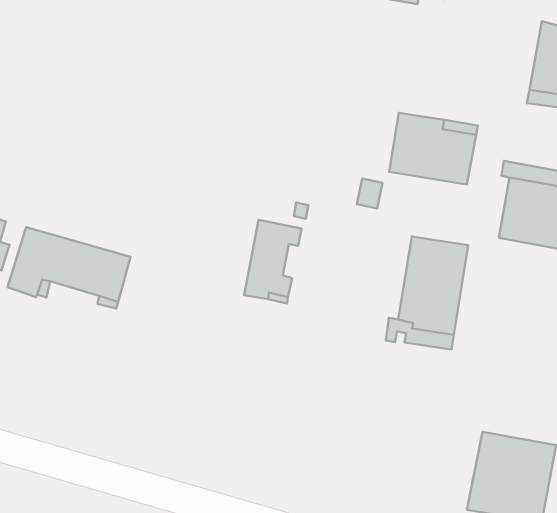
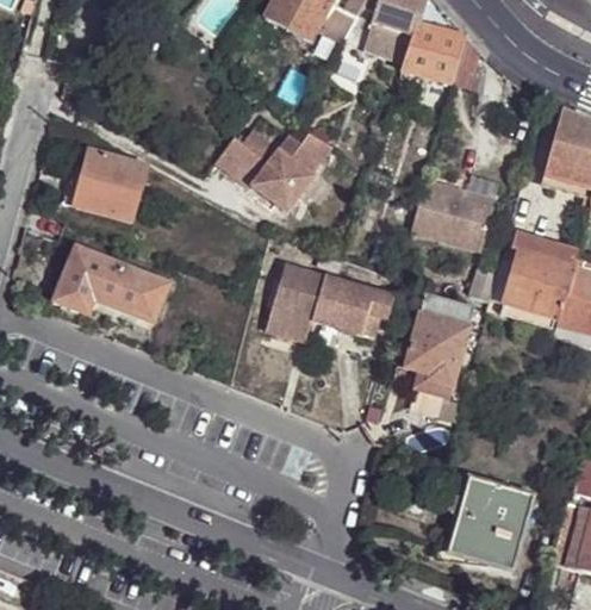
building: none -> [212,127,329,211]
building: none -> [62,149,145,223]
building: none -> [304,274,394,337]

